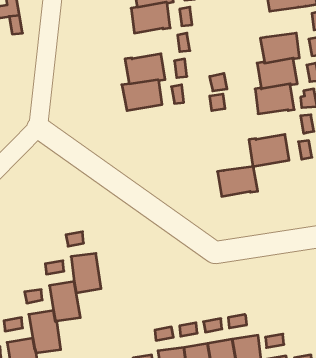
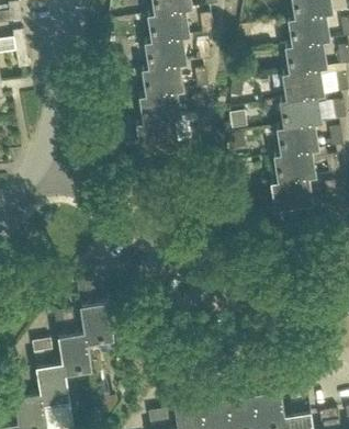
building: none -> [284,42,327,74]
building: none -> [142,64,183,97]
building: [217,166,258,196] -> [273,150,316,182]

